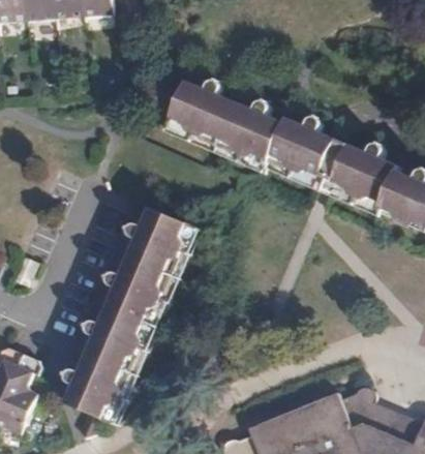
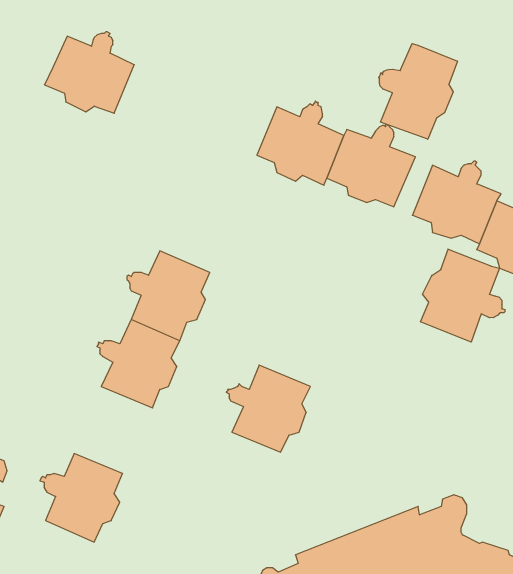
building: none -> [379,44,457,139]
building: [170,80,235,139] -> [44,32,134,113]
building: none -> [421,249,505,342]
building: [84,306,145,369] -> [226,365,310,452]

